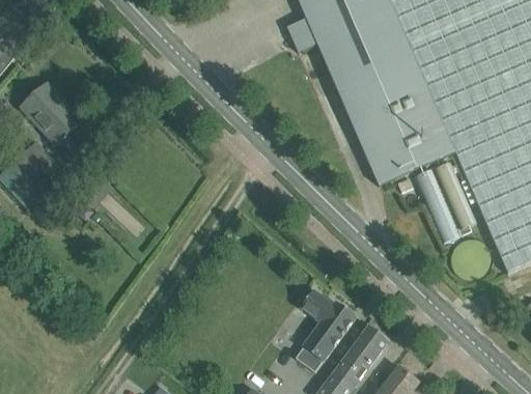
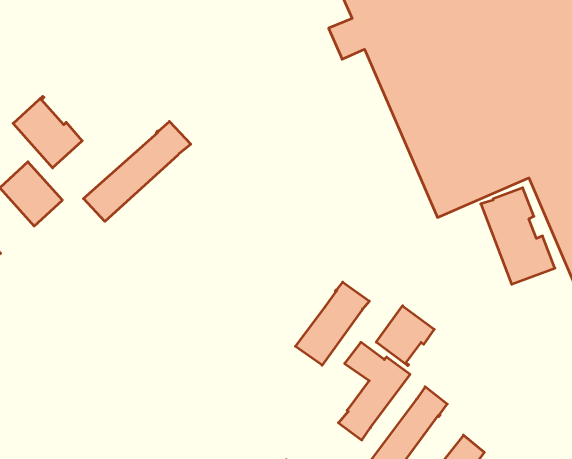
building: none -> [83,121,191,221]
building: none -> [295,282,369,365]
building: none -> [376,306,434,366]

